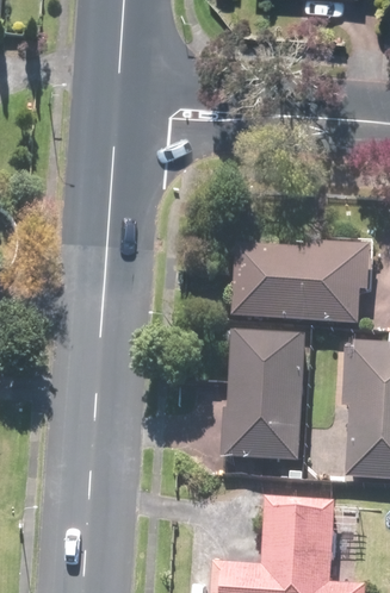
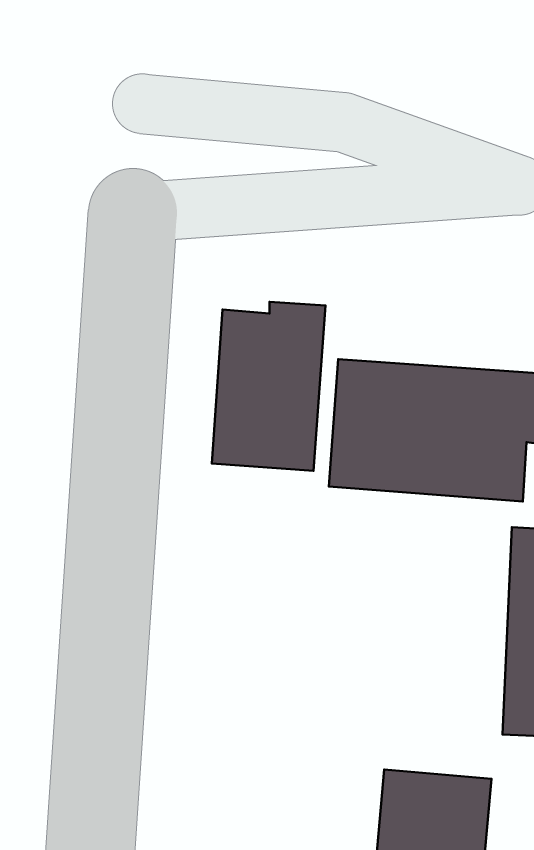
building: none -> [212,302,326,471]
building: [223,331,305,457] -> none

